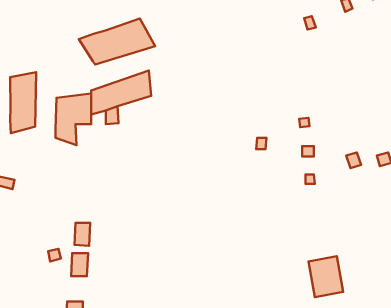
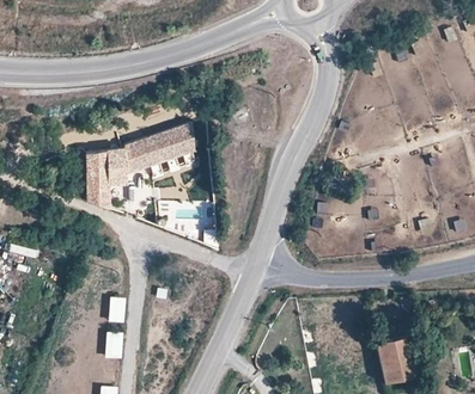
building: [79,19,155,64] -> none
building: [10,72,36,133] -> none

